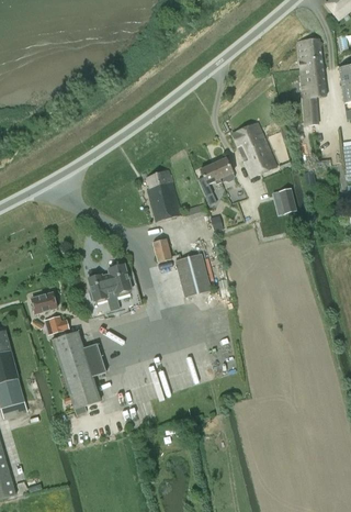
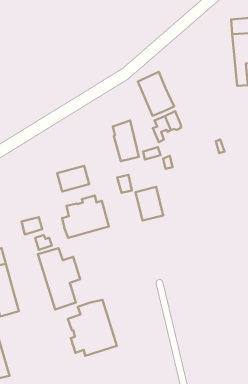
building: [231,121,278,177] -> [138,72,174,116]
building: none -> [57,166,89,191]
building: none -> [68,300,117,356]

